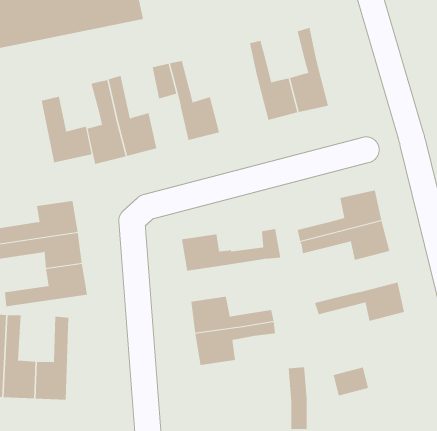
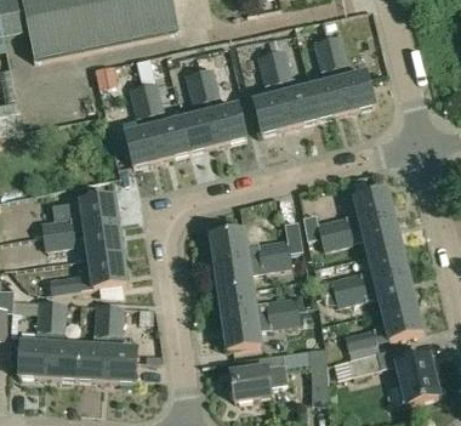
building: none -> [329,36,375,110]
building: none -> [254,53,290,131]
building: [41,96,92,163] -> none
building: none -> [182,110,217,149]
building: none -> [330,243,409,290]
building: none -> [216,250,289,289]
building: none -> [345,299,422,346]
building: none -> [107,303,137,380]
building: none -> [230,350,289,398]
building: none -> [398,352,438,401]

